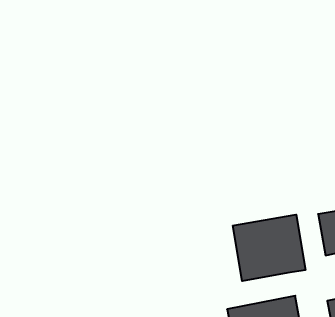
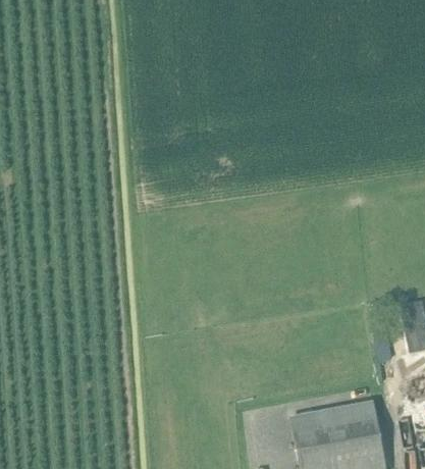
building: [233,215,305,281] -> none

